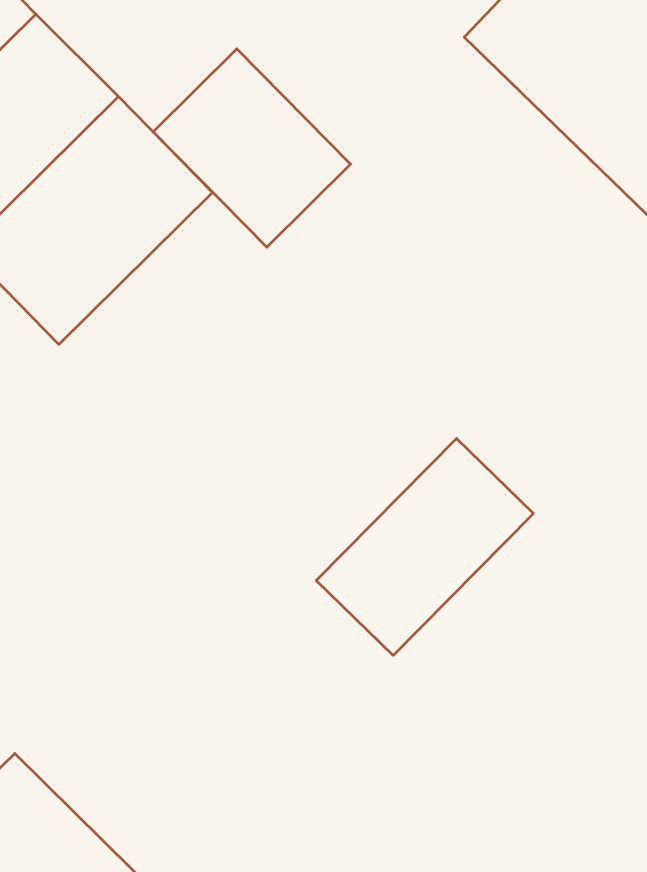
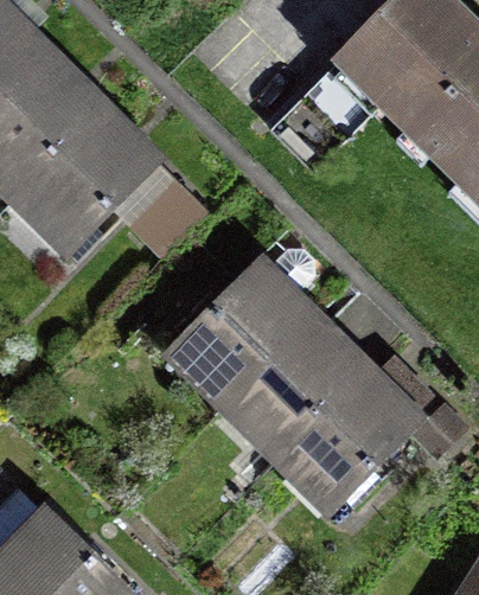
building: [153,49,351,247] -> none
building: none -> [172,255,318,401]
building: none -> [279,359,427,508]

